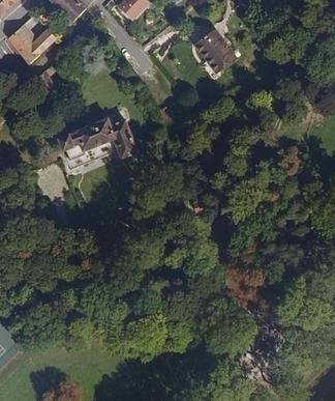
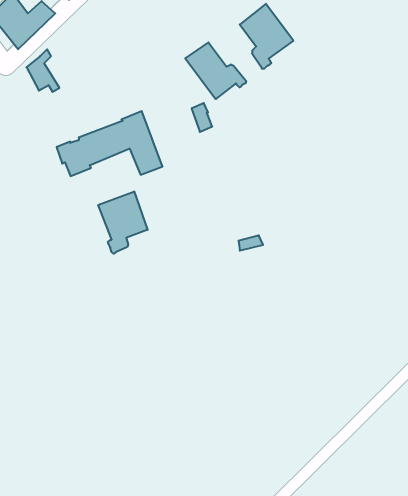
building: none -> [185,42,246,99]
building: none -> [98,191,148,254]

